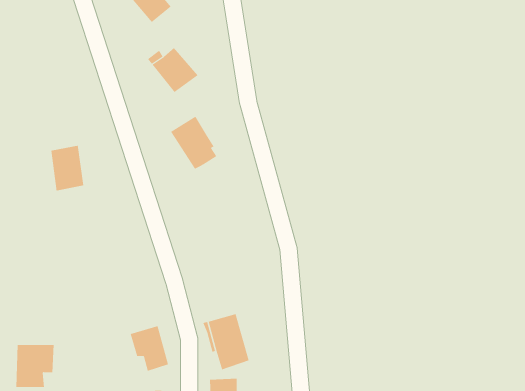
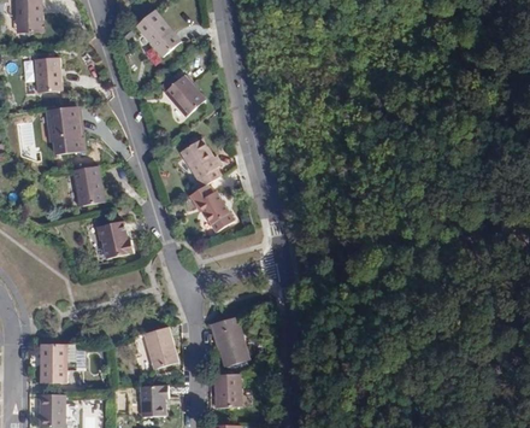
building: none -> [34,58,61,93]
building: none -> [45,105,84,154]
building: none -> [188,183,229,224]
building: none -> [96,222,132,259]

